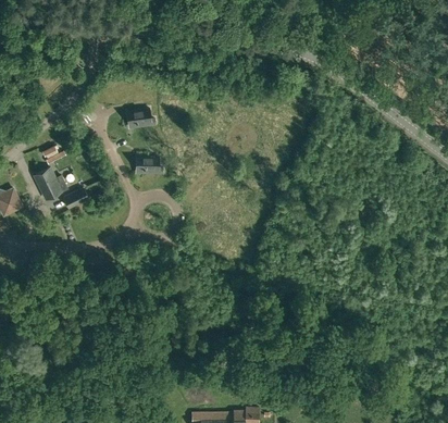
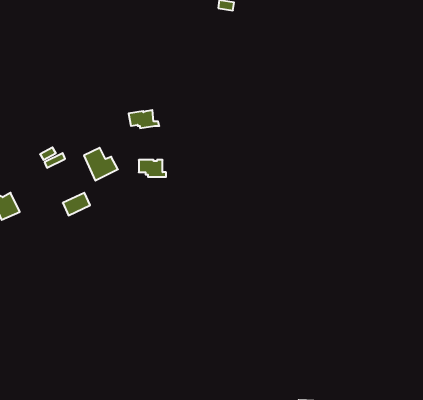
building: [35,169,67,200] -> [84,148,118,181]

